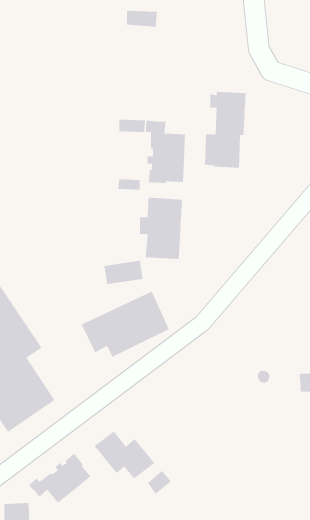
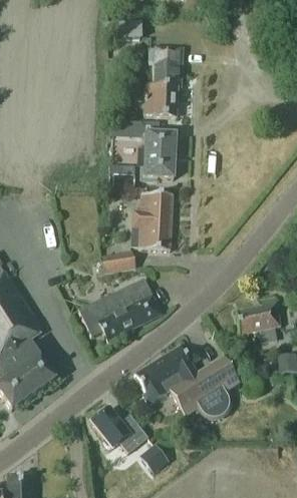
building: [204,91,246,168] -> [143,46,183,117]
building: none -> [236,297,279,344]
building: none -> [134,347,239,417]
building: [28,453,92,504] -> none

